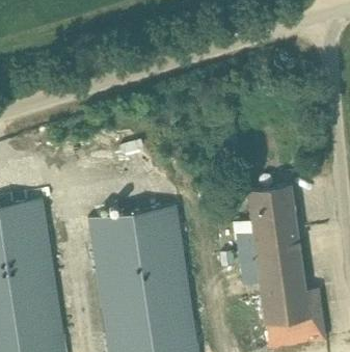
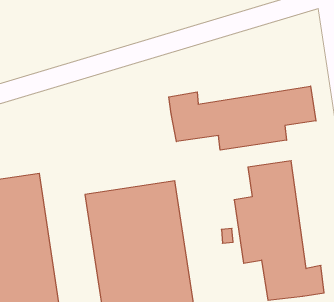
building: none -> [169,86,316,150]

